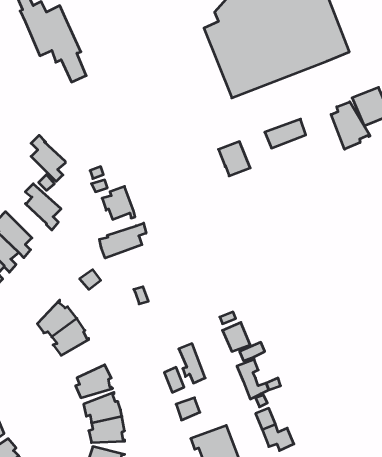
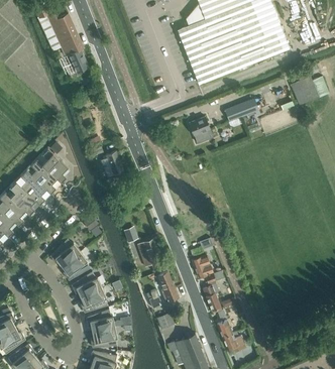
building: [331,102,370,149] -> none
building: [31,135,65,181] -> [31,159,58,195]
building: [99,223,146,258] -> none
building: none -> [137,239,164,270]
building: none -> [72,271,102,297]

